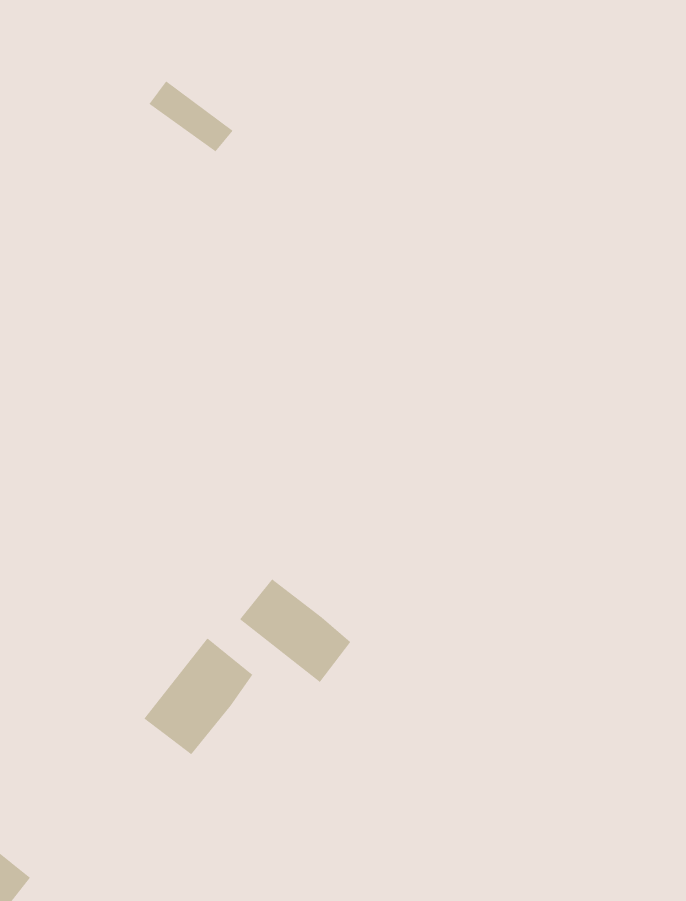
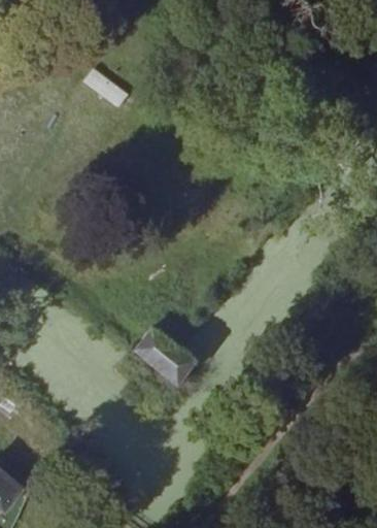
building: [144,637,253,755] -> none

